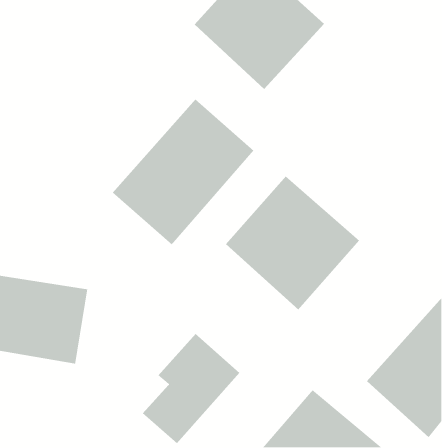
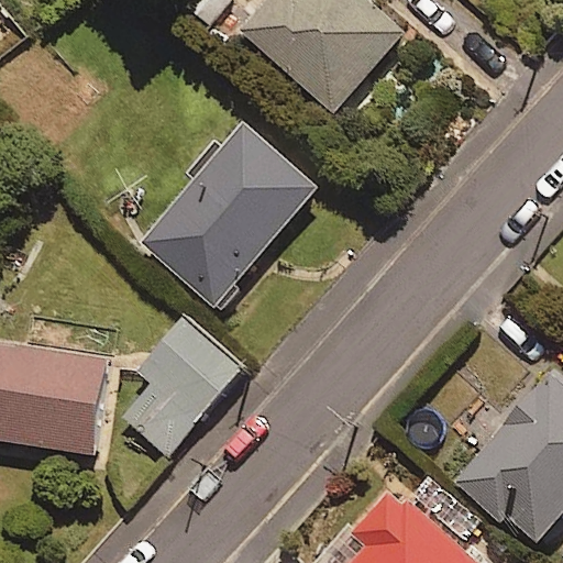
building: [225,176,360,310] -> none
building: [142,333,240,444] -> [120,318,243,456]

